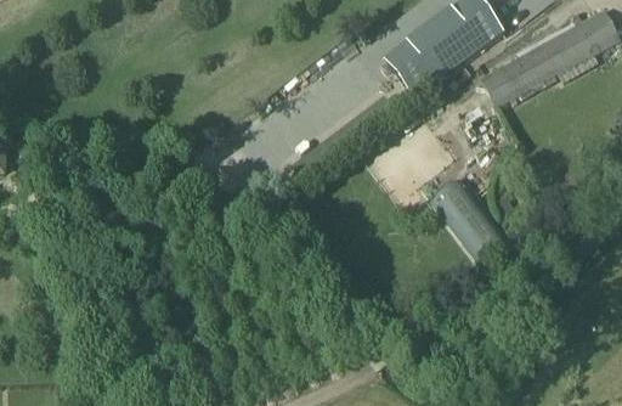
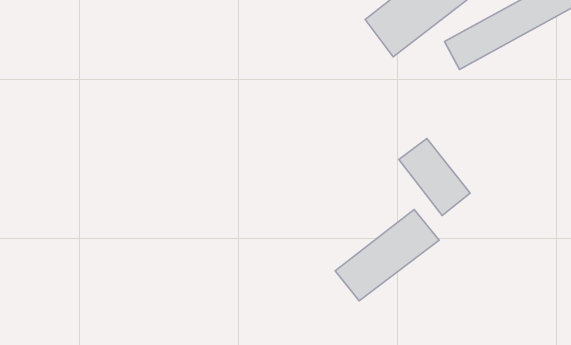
building: none -> [335,210,439,301]

